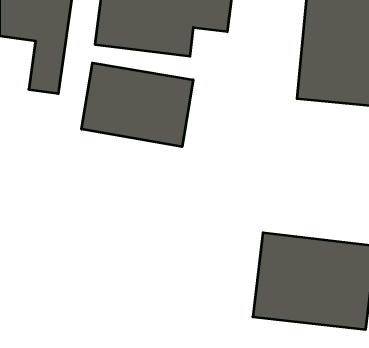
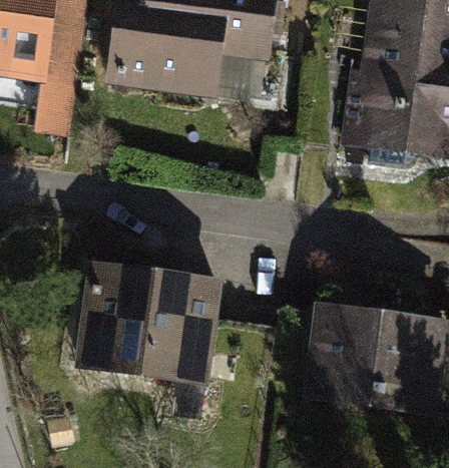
building: [82,63,193,147] -> none
building: none -> [70,260,212,380]

